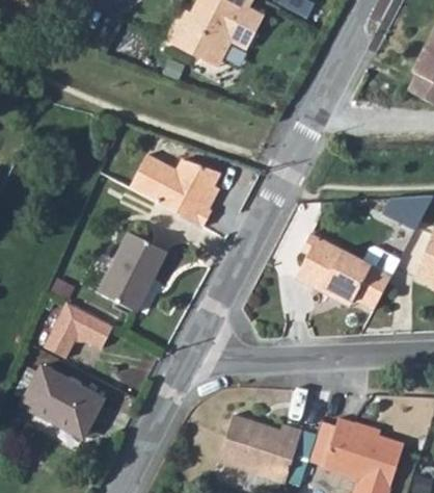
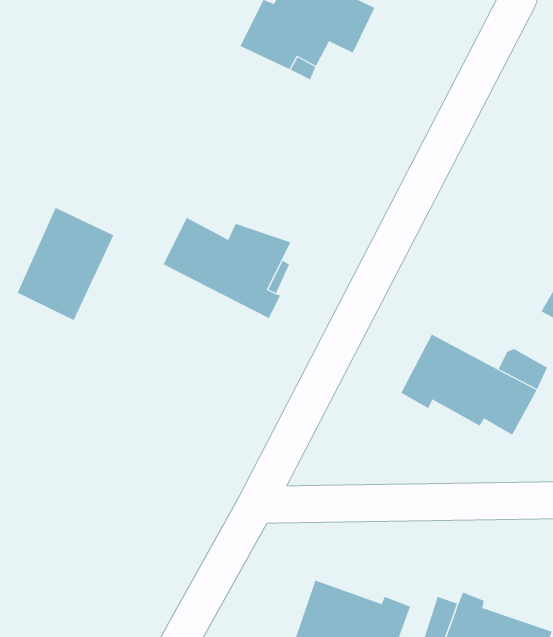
building: [98,232,166,312] -> [17,207,114,321]
building: [40,301,113,358] -> none
building: [27,370,105,436] -> none

